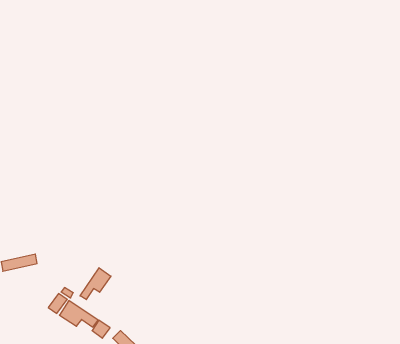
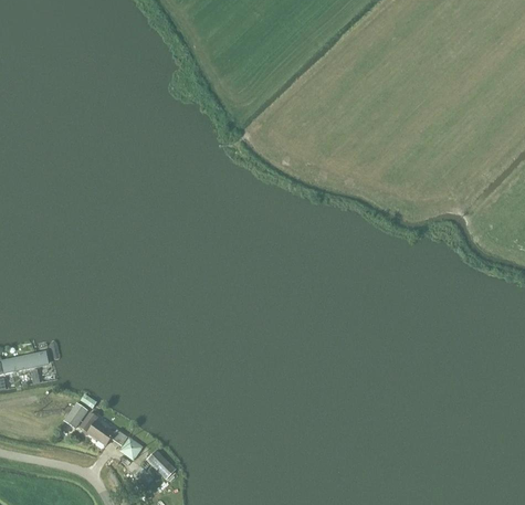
building: [80,268,111,300] -> none

